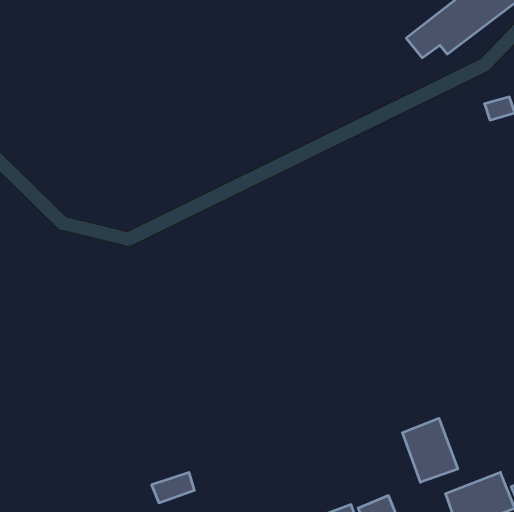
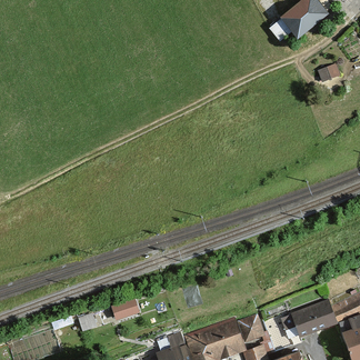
building: [402,418,458,482] -> none

